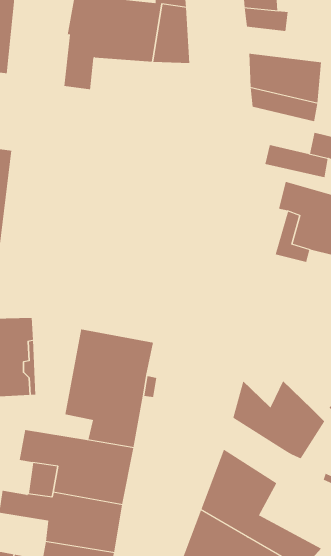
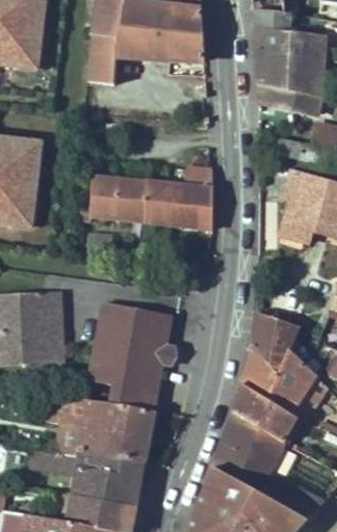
building: none -> [255,28,325,60]
building: none -> [78,168,212,230]
building: none -> [252,313,299,373]
building: none -> [234,383,295,443]

